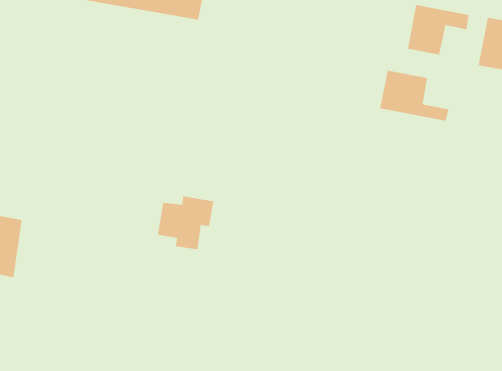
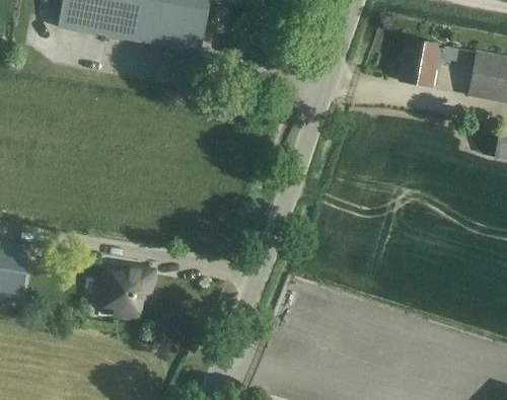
building: [380,70,449,121] -> none
building: [157,196,214,250] -> [97,266,152,318]

